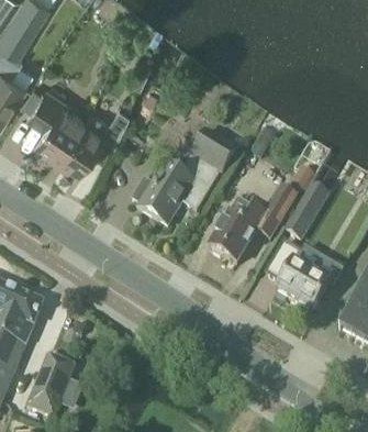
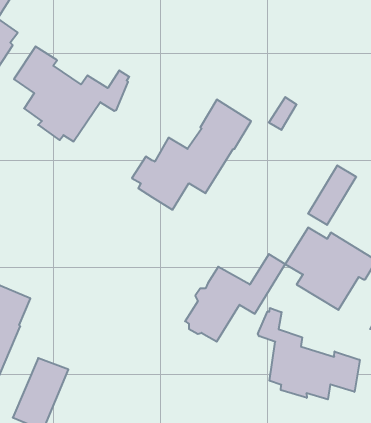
building: [290,142,330,192] -> none
building: [208,188,294,264] -> [185,254,285,342]
building: none -> [258,308,360,399]

